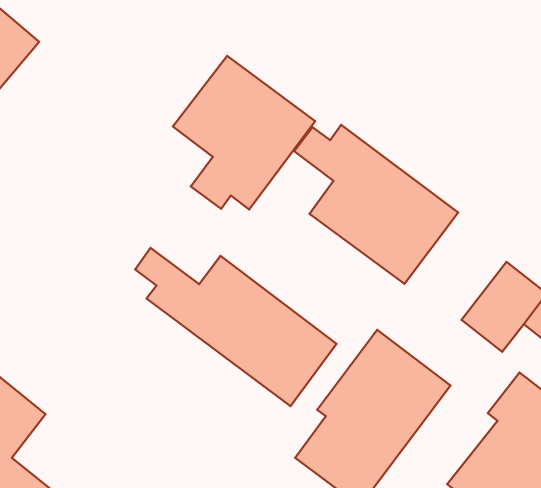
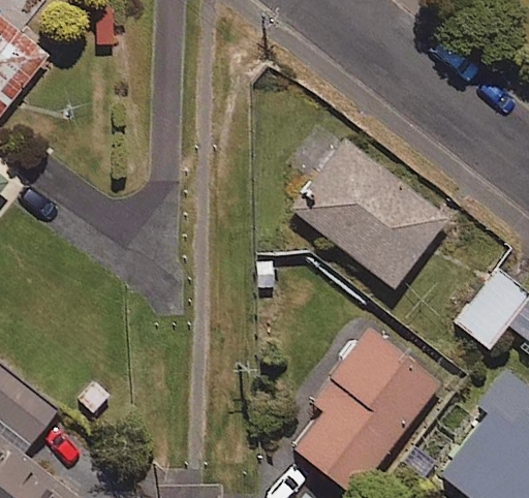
building: [173,56,315,210] -> none
building: [135,248,337,406] -> none

